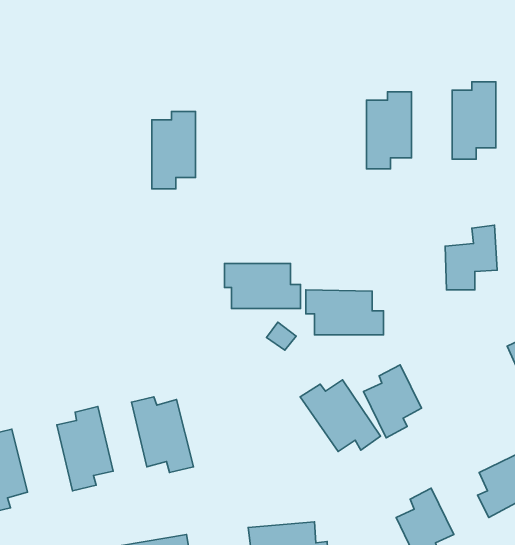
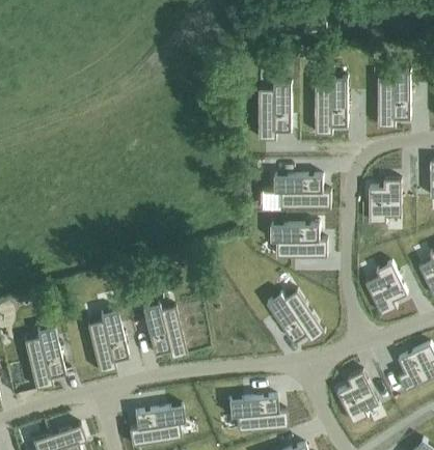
building: [152,111,195,189] -> [259,82,291,139]
building: [224,264,300,309] -> [274,174,330,207]
building: [364,365,421,438] -> [364,261,407,315]

